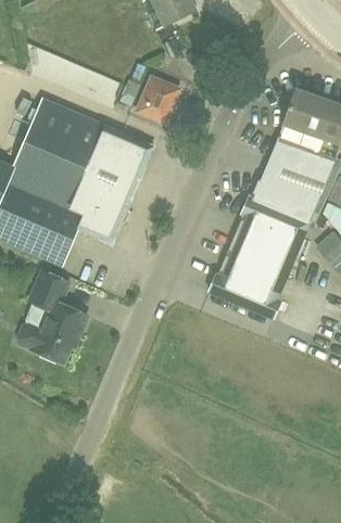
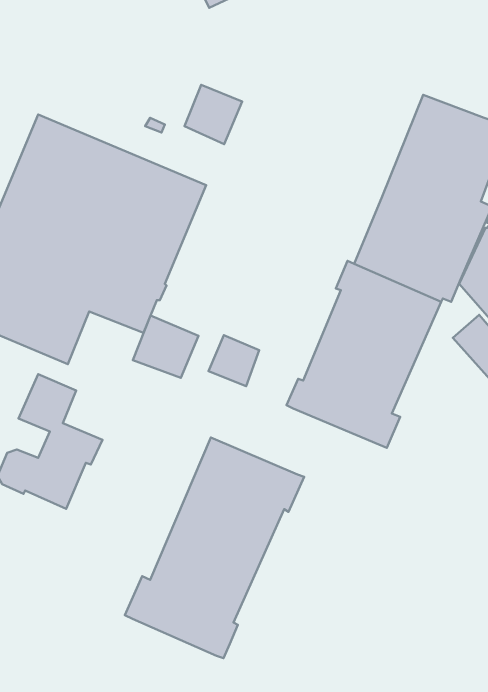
building: none -> [133,315,199,378]
building: none -> [209,335,259,386]
building: none -> [125,438,304,658]

